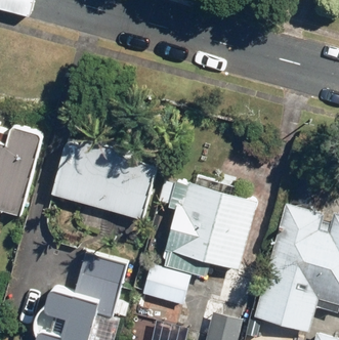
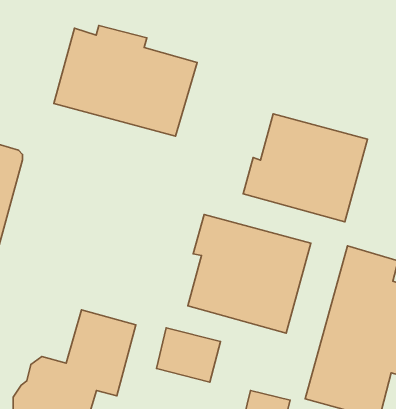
building: none -> [243,114,367,222]
building: [50,136,158,219] -> [54,26,197,136]

